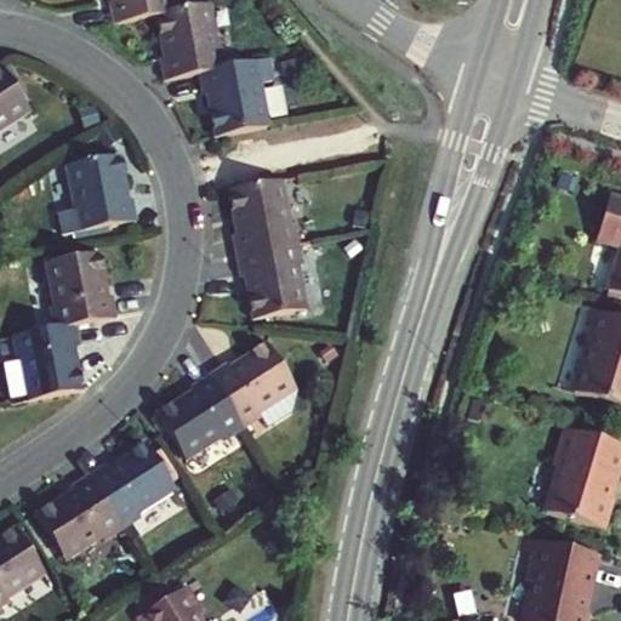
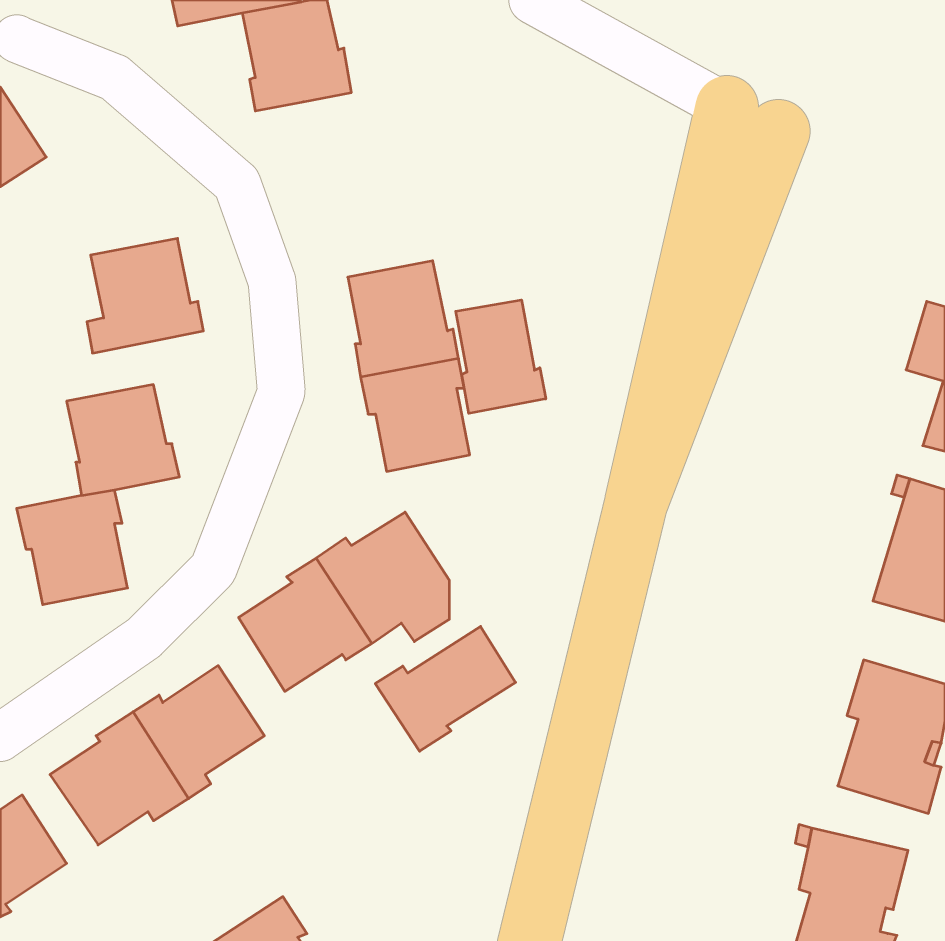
building: [199,57,274,133] -> none
building: none -> [456,300,546,413]
building: none -> [375,626,516,751]

